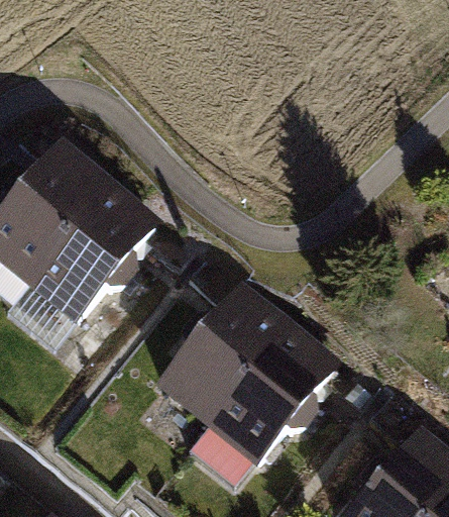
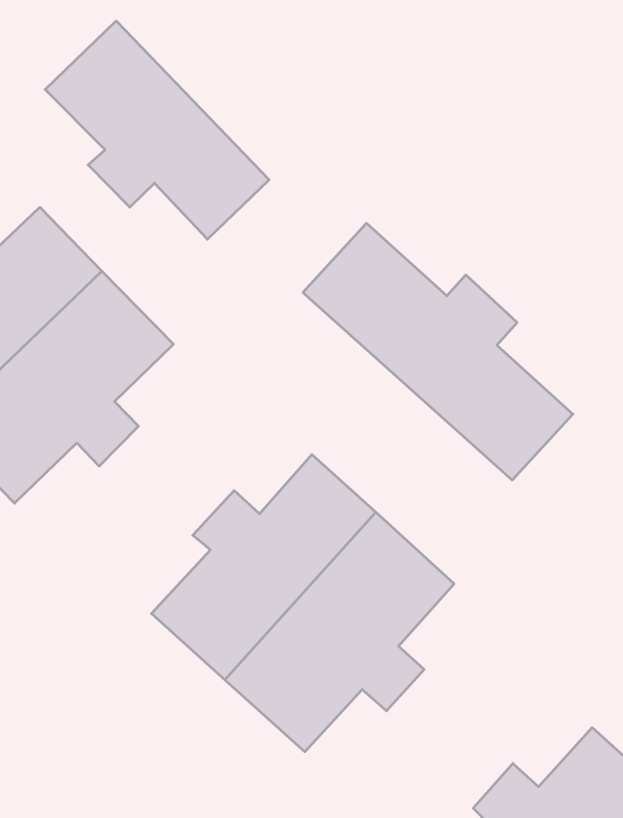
building: none -> [45,21,269,239]
building: none -> [303,223,573,480]

